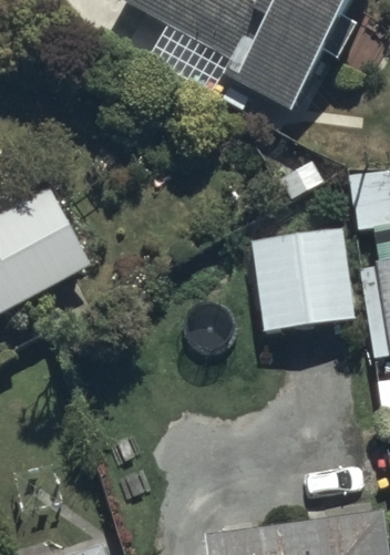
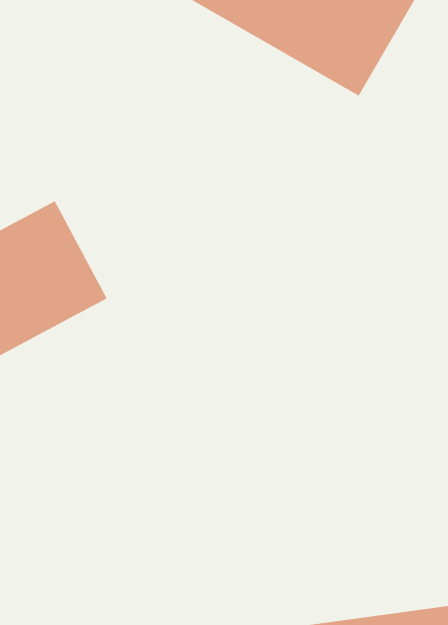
building: [249,227,353,335] -> none

